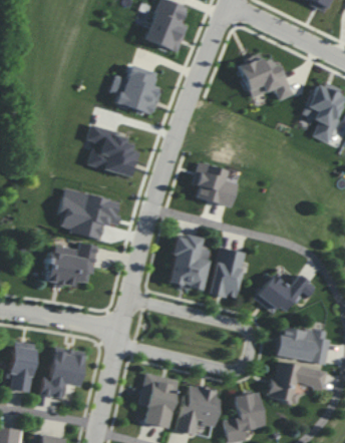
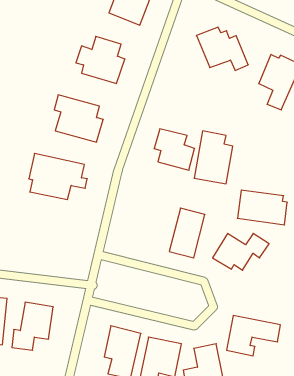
building: [168,234,210,290] -> [194,131,233,184]
building: [46,242,97,288] -> none
building: [277,326,330,363] -> [237,190,287,225]

